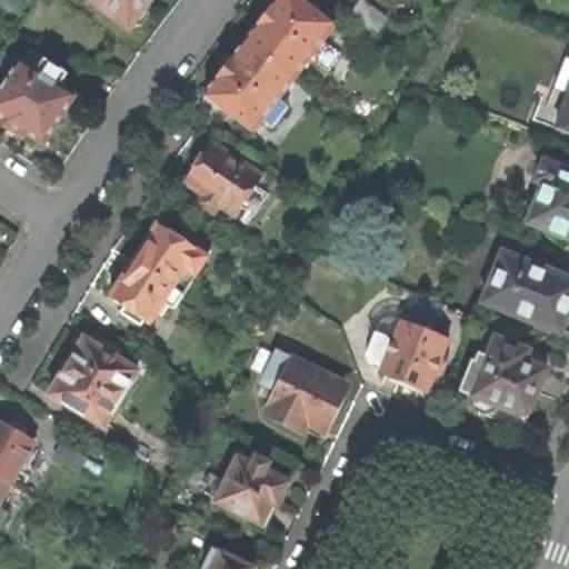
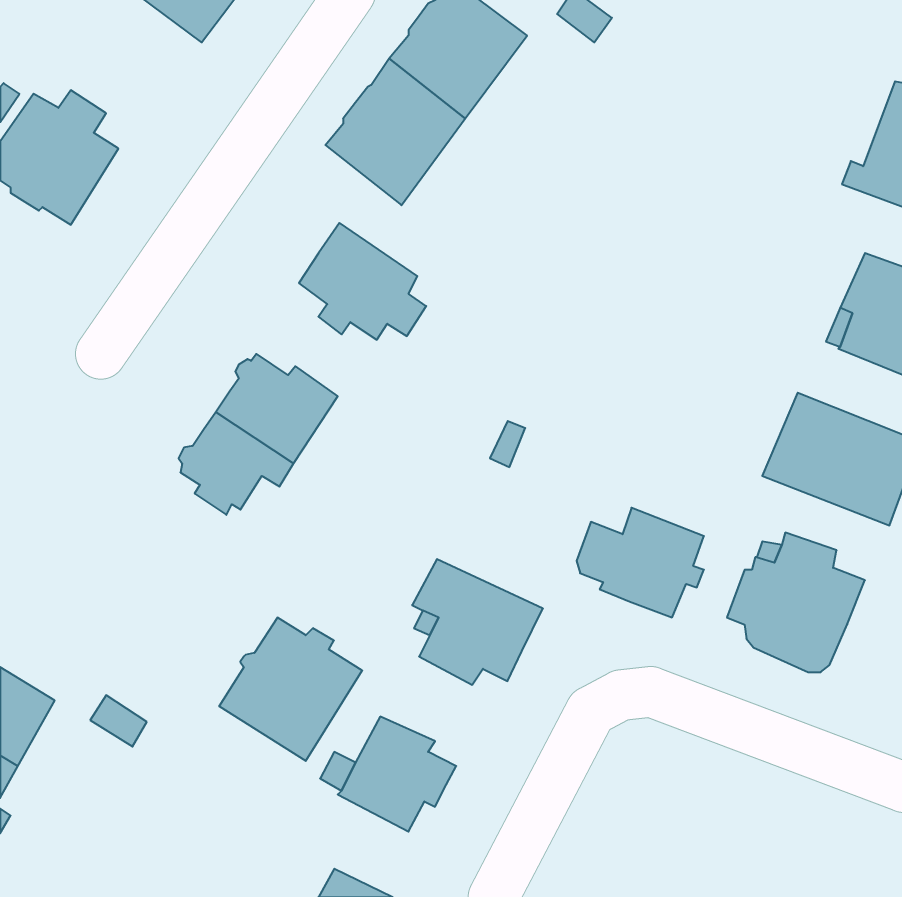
building: [51,337,141,427] -> [219,618,362,761]

